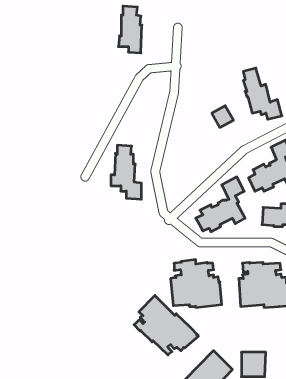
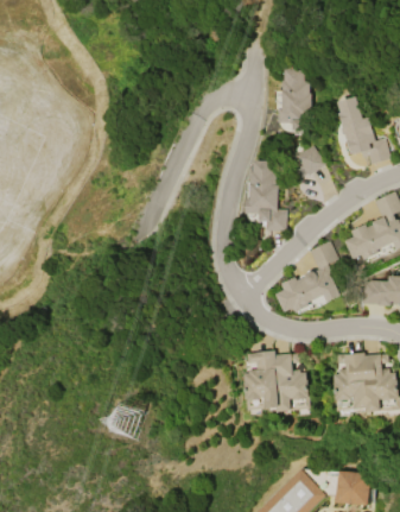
building: [118,6,142,53] -> [279,70,310,132]
building: [111,145,141,199] -> [246,162,286,233]
building: [134,295,198,355] -> none

